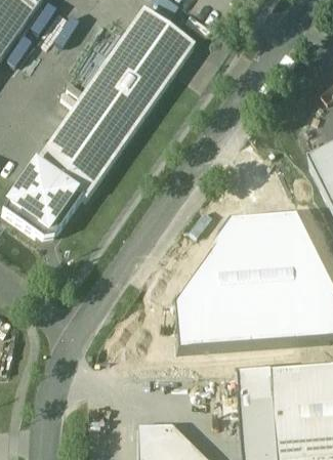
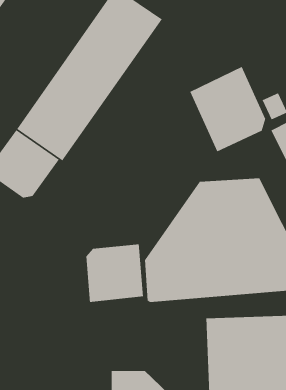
building: none -> [189,66,266,153]
building: none -> [85,244,144,303]

